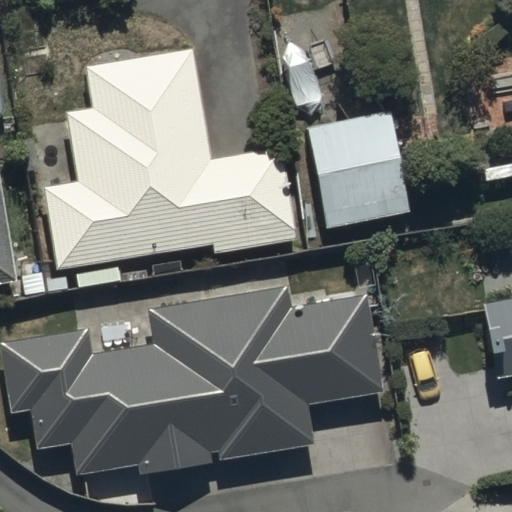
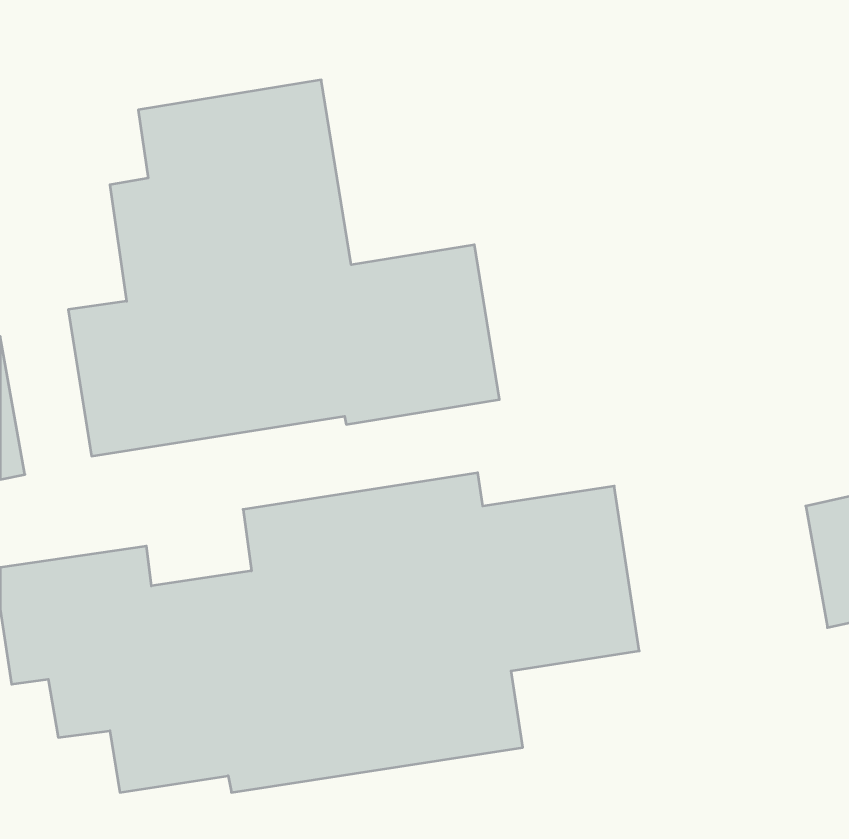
building: [307,115,412,229] -> none

